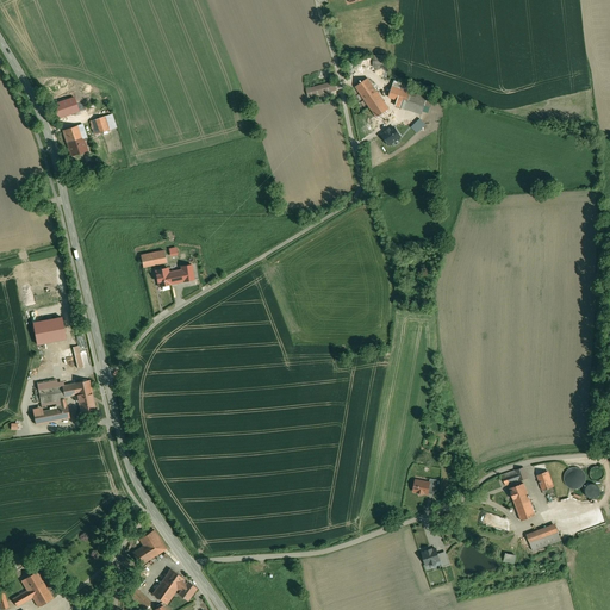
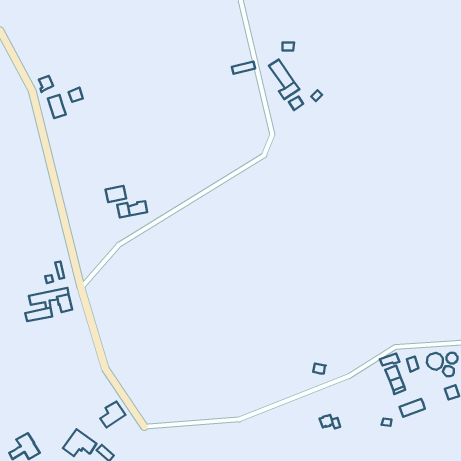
building: [388,87,427,114] -> none
building: [33,317,66,344] -> none
building: [152,568,197,604] -> [63,429,96,456]

